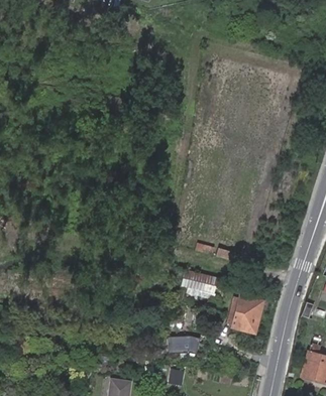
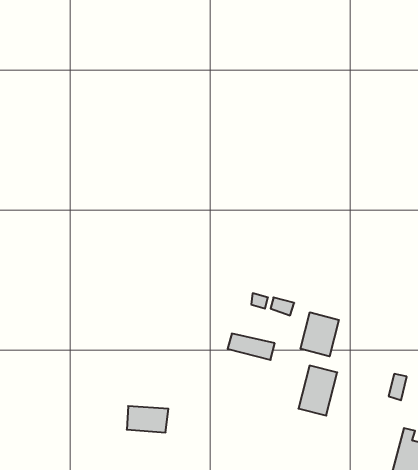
building: none -> [300,312,339,356]
building: [169,334,199,353] -> [127,406,168,432]

